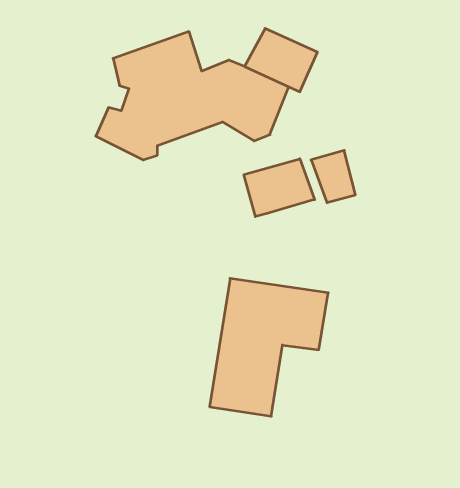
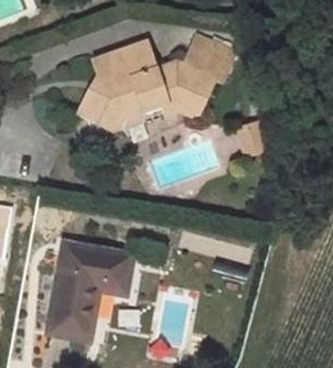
building: [244,159,315,217] -> none
building: [210,278,328,416] -> [44,247,127,343]

